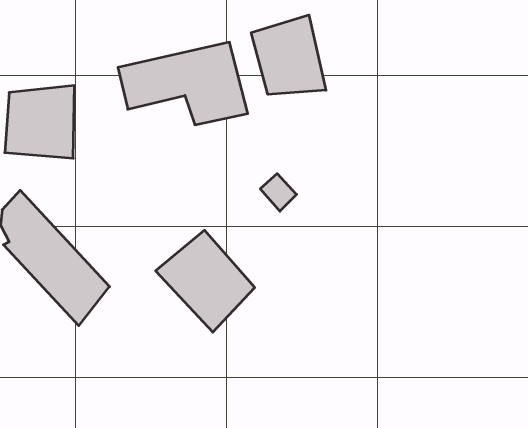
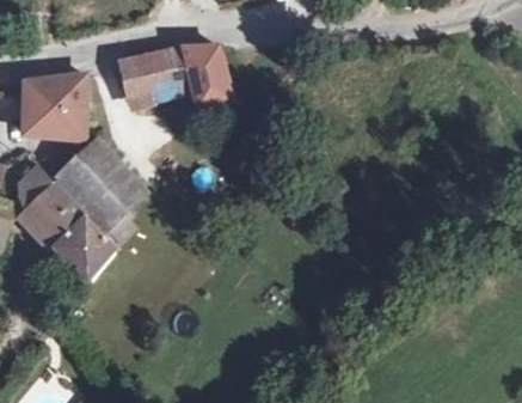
building: [251,15,326,94] -> none
building: [156,230,255,332] -> [56,141,141,228]

